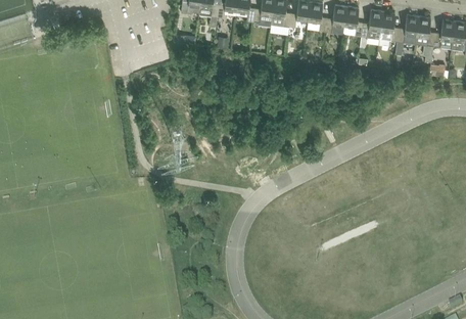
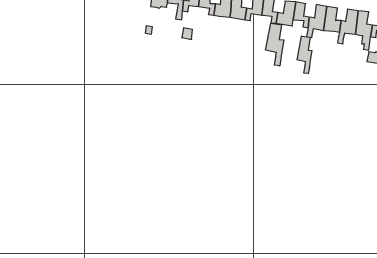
building: none -> [266,23,284,66]
building: none -> [297,36,312,74]

